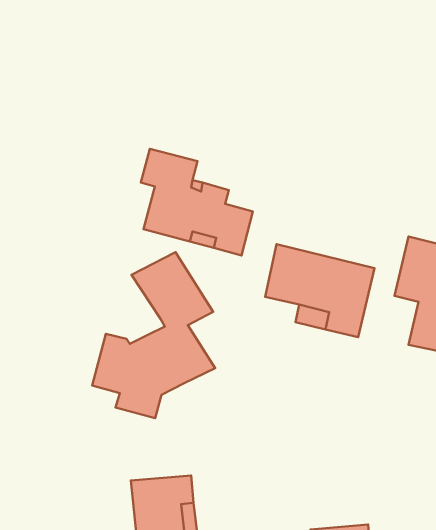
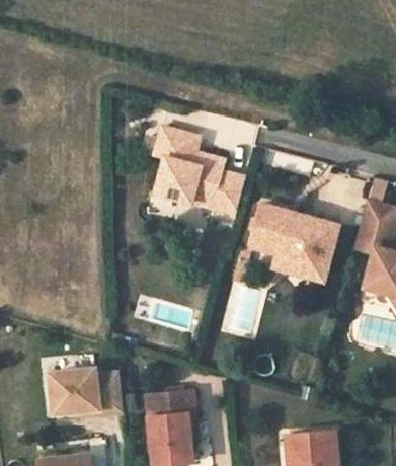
building: [92,252,215,418] -> none
building: none -> [49,369,121,413]

